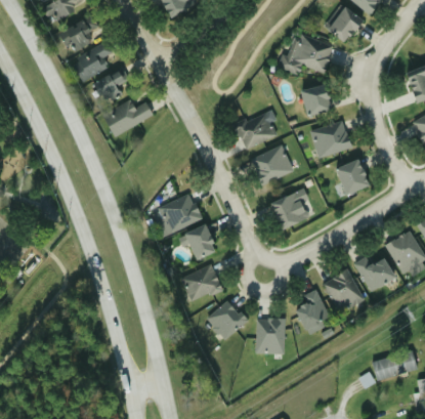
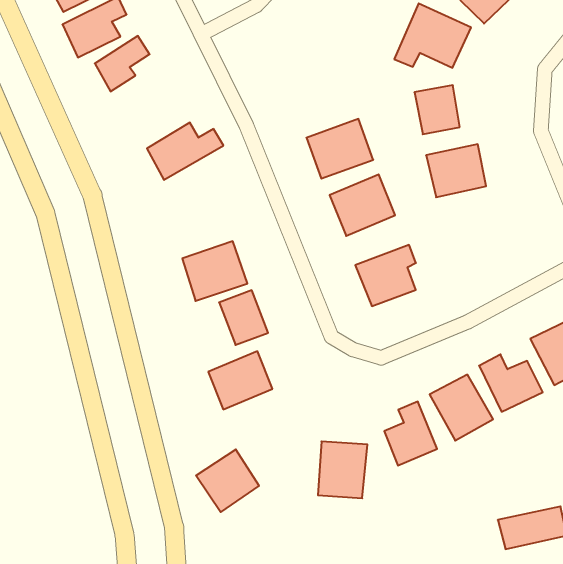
building: [102,98,152,136] -> [147,123,223,180]
building: [334,159,369,196] -> none
building: [205,299,246,340] -> [196,449,259,512]

